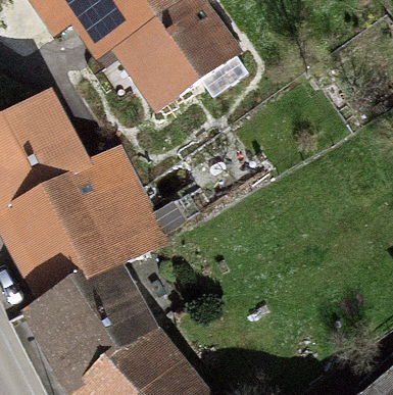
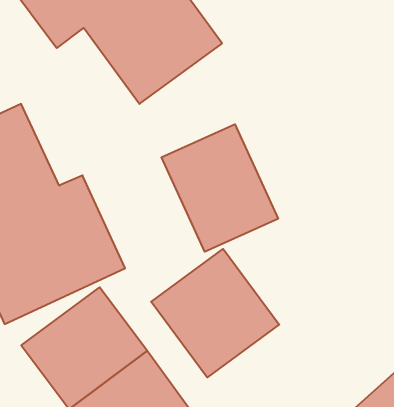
building: none -> [161,124,278,252]
building: none -> [151,249,279,377]

